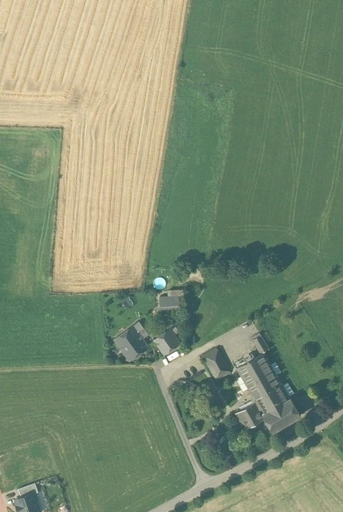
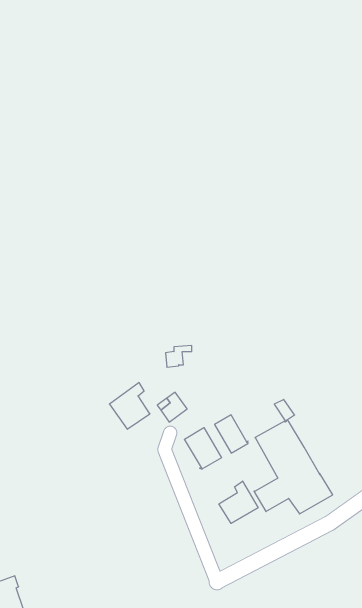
building: none -> [184,428,222,469]
building: none -> [219,481,258,523]

